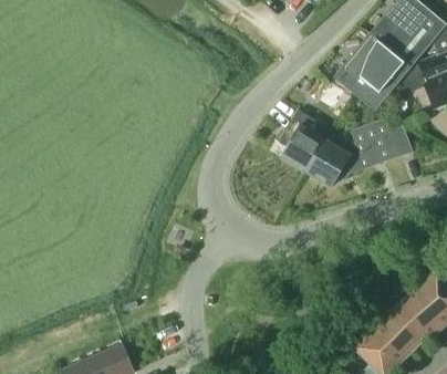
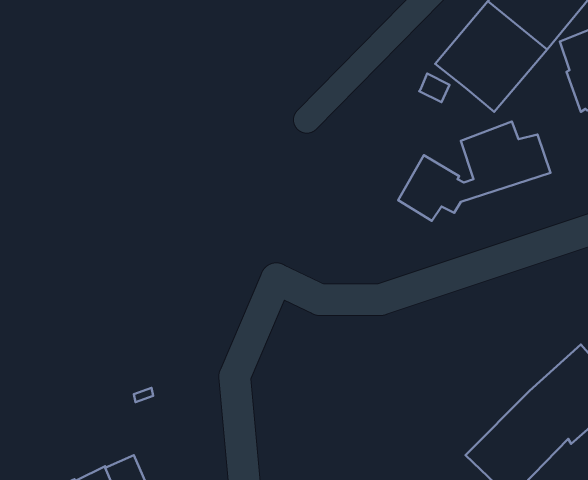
building: [278,110,332,170] -> none

